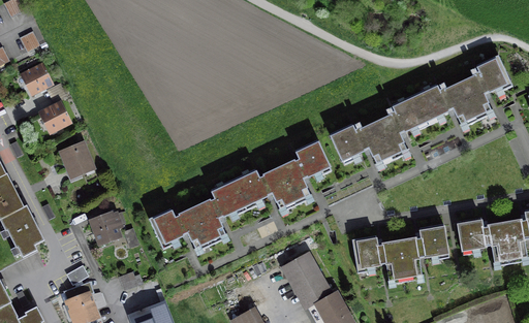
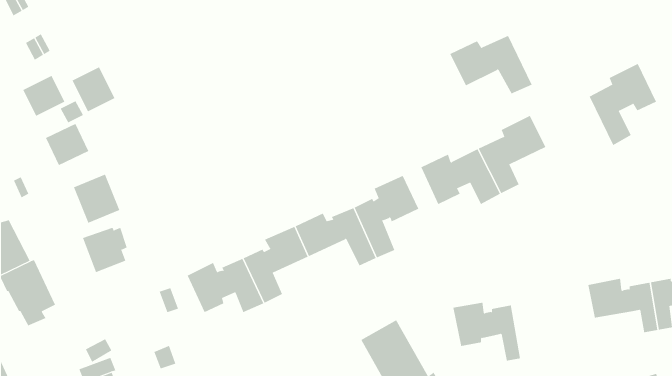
building: none -> [72,66,115,112]
building: [412,79,476,125] -> [450,35,532,94]
building: [88,209,123,245] -> [82,227,128,273]
building: [398,226,450,282] -> none

